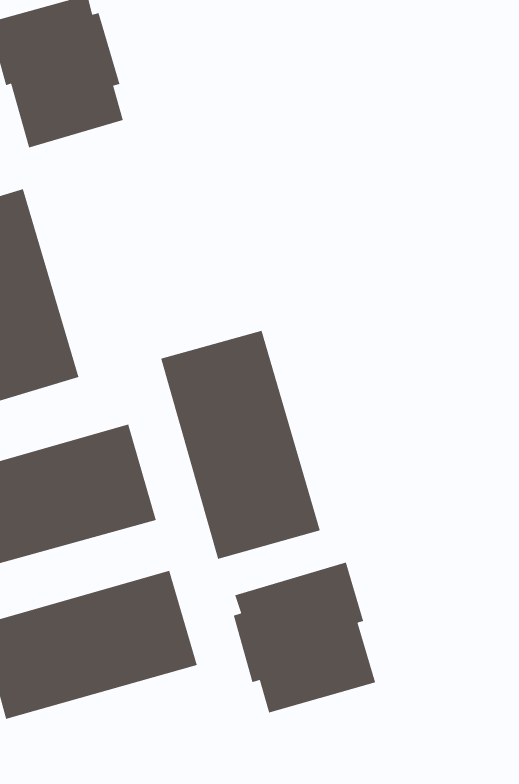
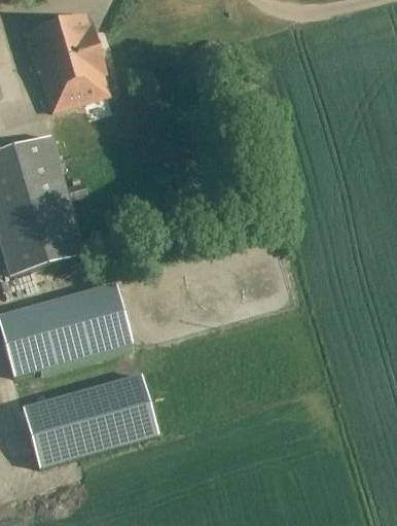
building: [160,330,321,560] -> none
building: [233,562,376,713] -> none

